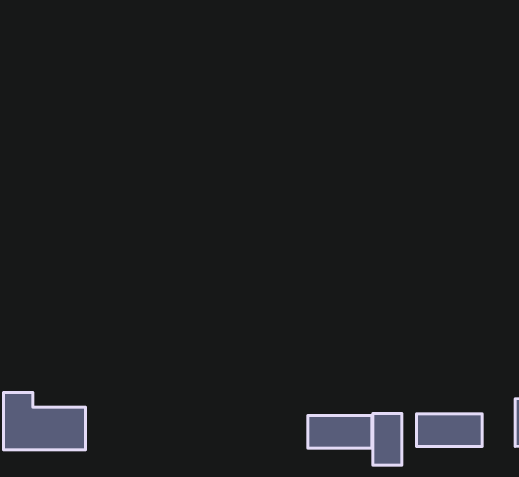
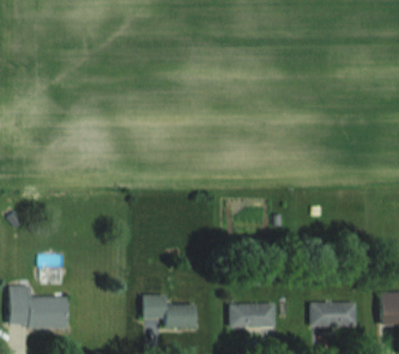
building: none -> [143,299,198,329]
building: [373,414,402,465] -> none

